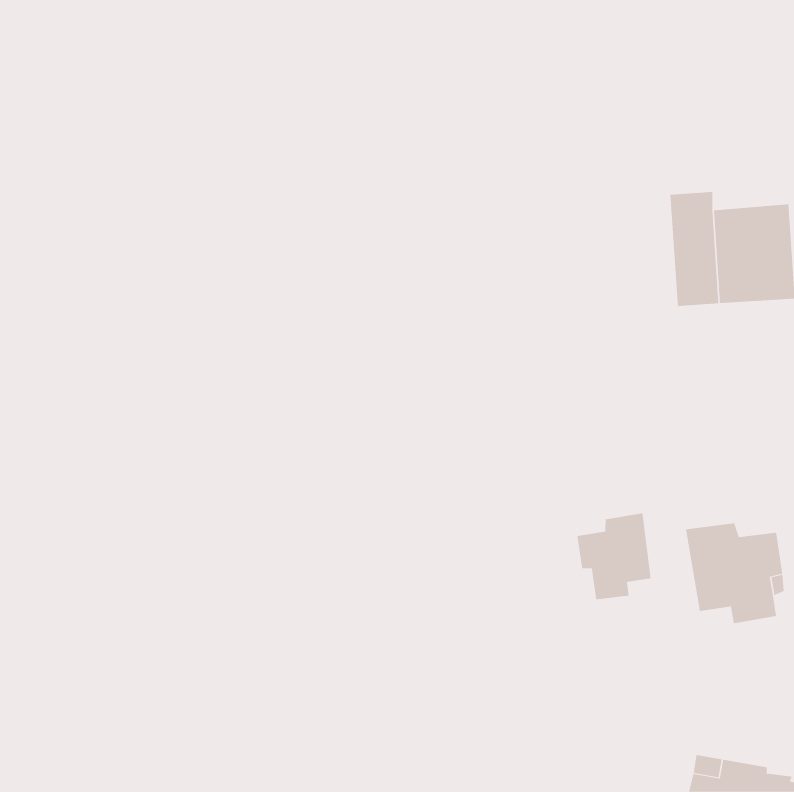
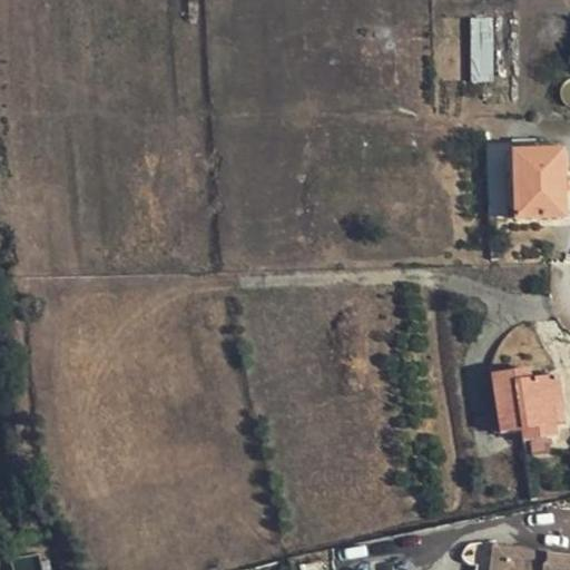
building: none -> [473,14,497,79]
building: [577,512,651,600] -> none

